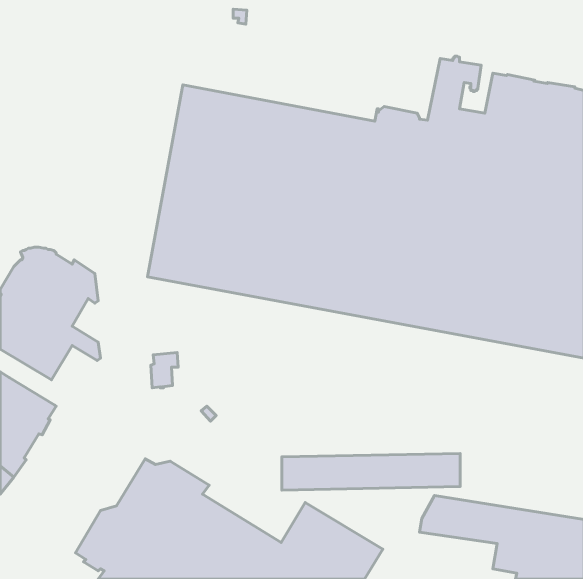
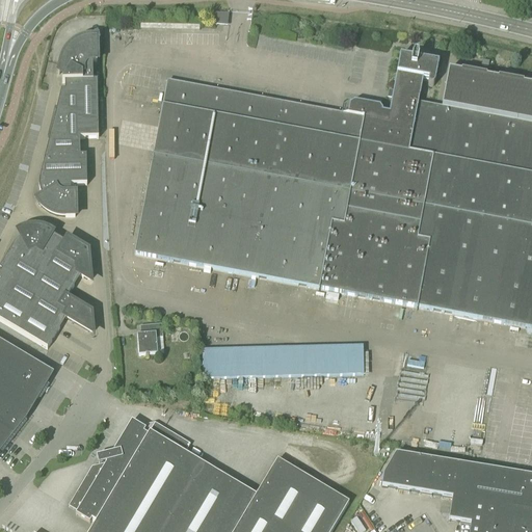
building: none -> [37,35,99,213]
building: [282,453,460,490] -> [203,342,365,375]

